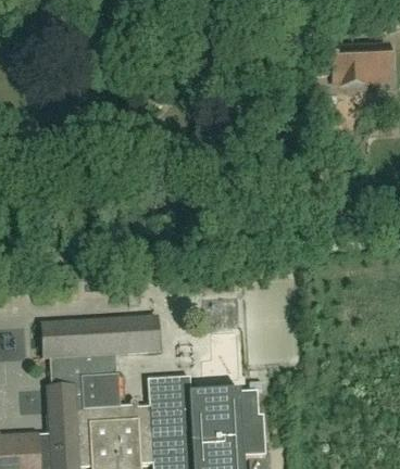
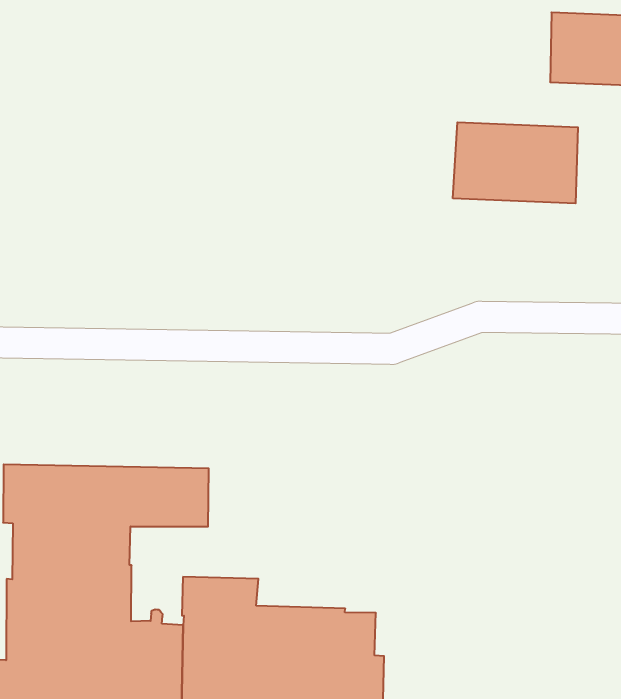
building: none -> [453,122,578,203]

